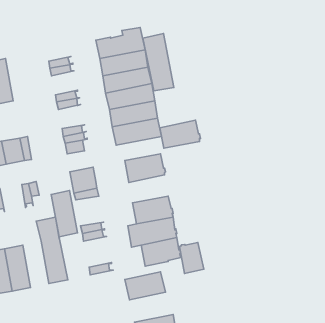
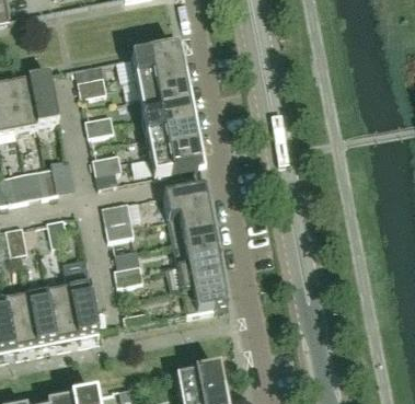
building: [143,33,174,91] -> none
building: none -> [28,73,59,126]
building: [160,120,200,148] -> [169,210,215,242]
building: [51,191,77,237] -> [48,286,78,338]
building: [179,242,204,273] -> none
building: [125,272,165,300] -> none

